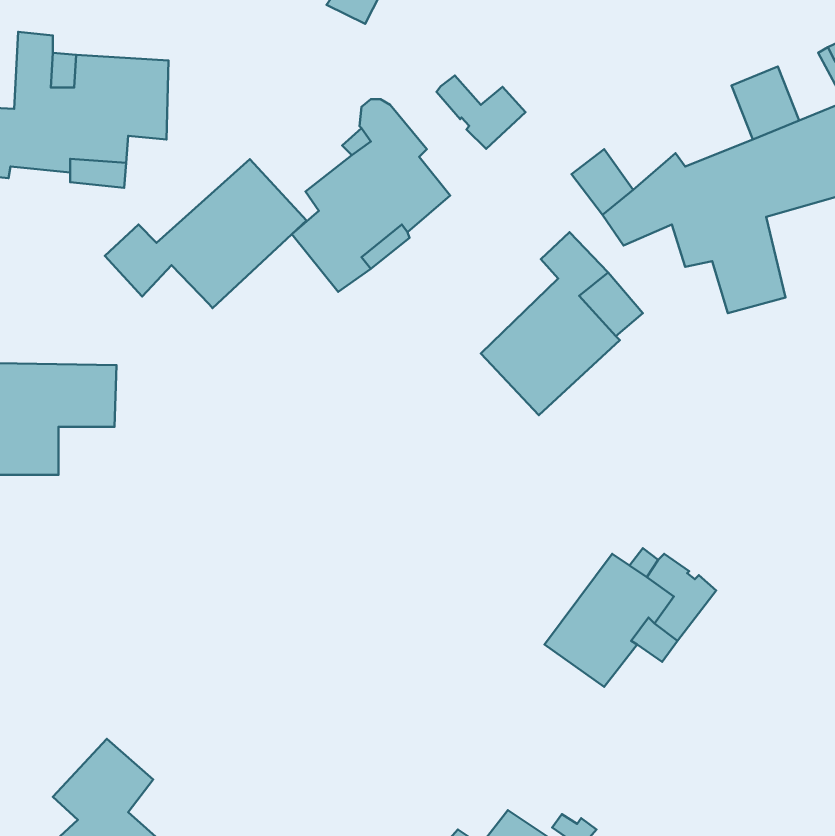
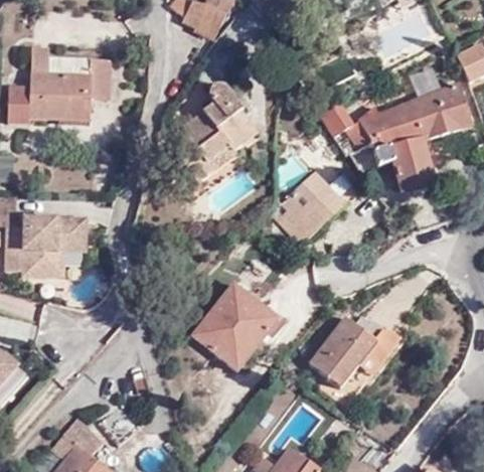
building: [437,75,526,149] -> none
building: [105,159,307,308] -> none
building: none -> [197,286,280,365]

